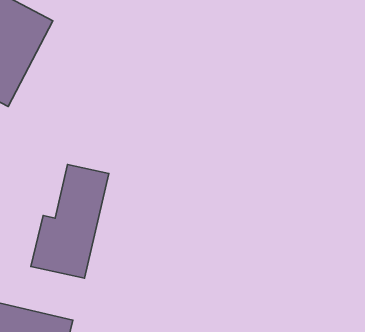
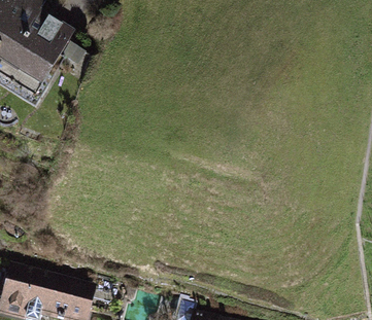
building: [31,164,109,278] -> none

